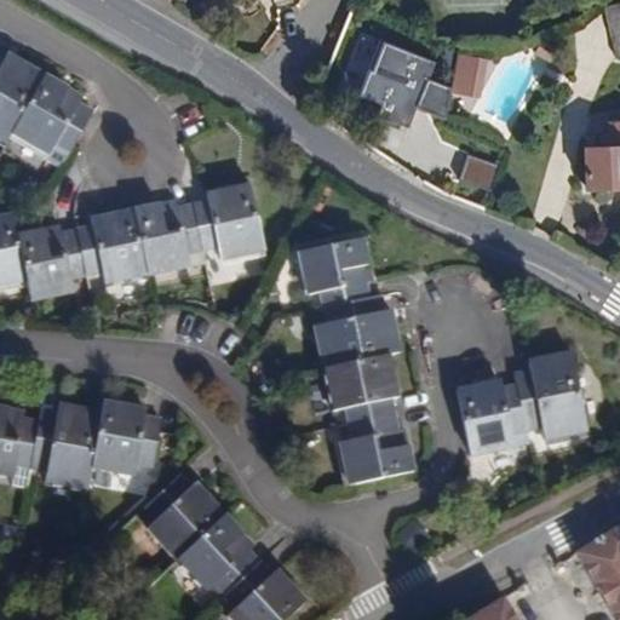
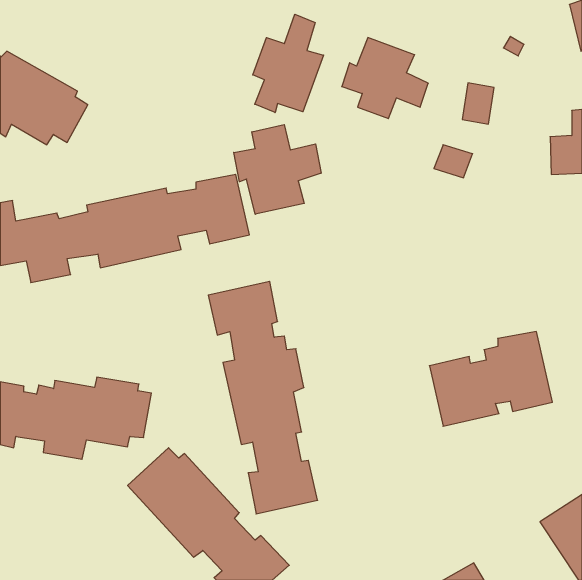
building: none -> [253,14,324,113]
building: [455,50,489,93] -> [462,83,494,124]
building: none -> [234,125,321,214]
building: [298,237,414,484] -> [208,281,318,514]

